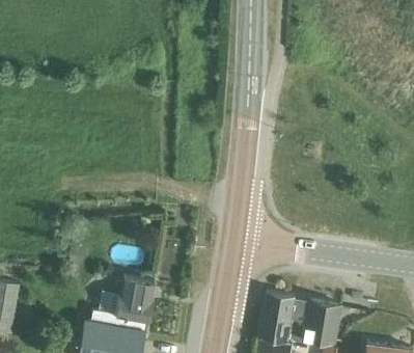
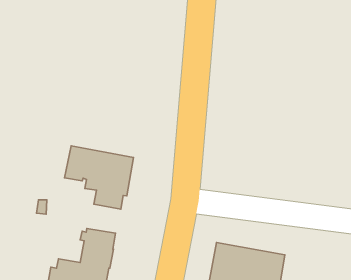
building: none -> [65,146,134,209]

